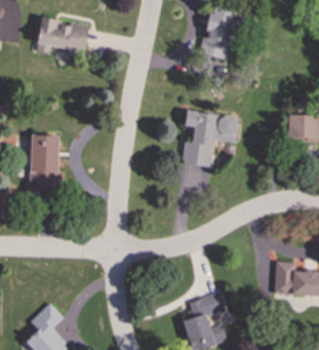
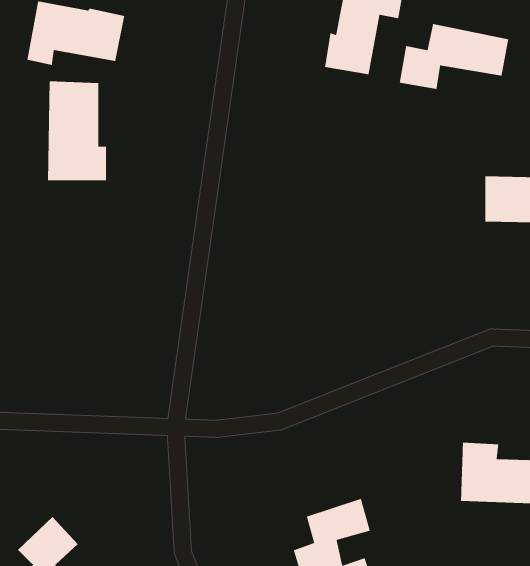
building: none -> [399,23,509,90]
building: [183,112,239,167] -> none
building: [30,135,63,191] -> [47,81,107,181]

